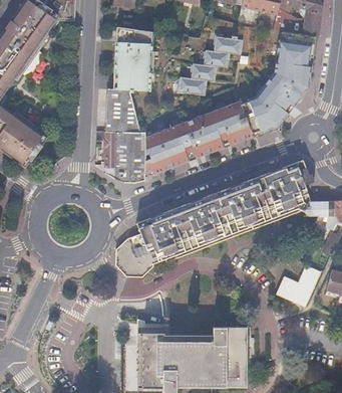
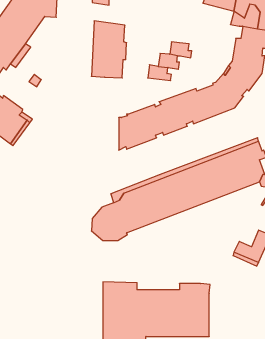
building: [215,36,243,54] -> none
building: [96,88,145,183] -> none

